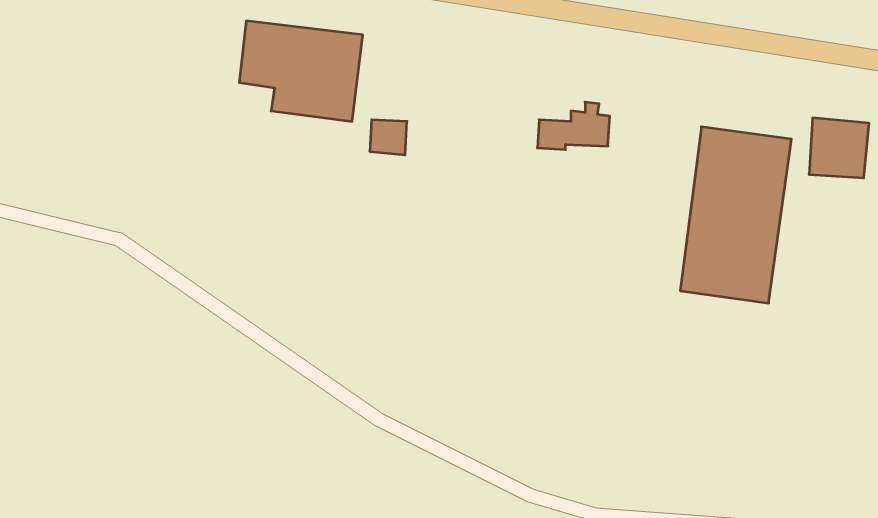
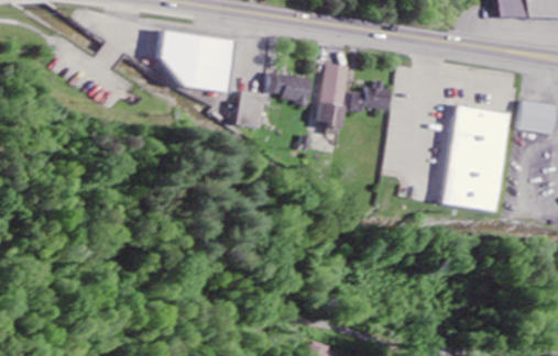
building: none -> [317,65,349,127]
building: none -> [266,75,310,108]

